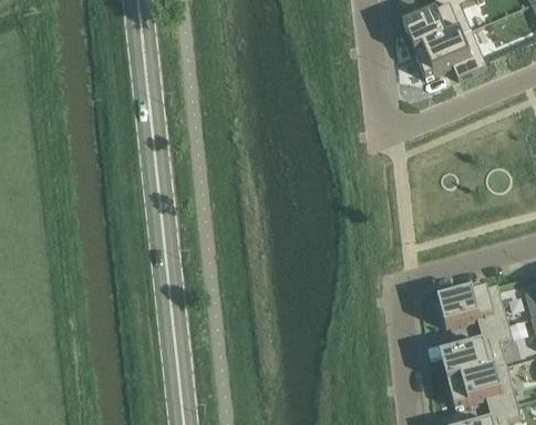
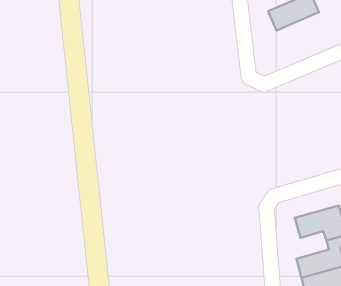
building: [410,20,482,70] -> none

